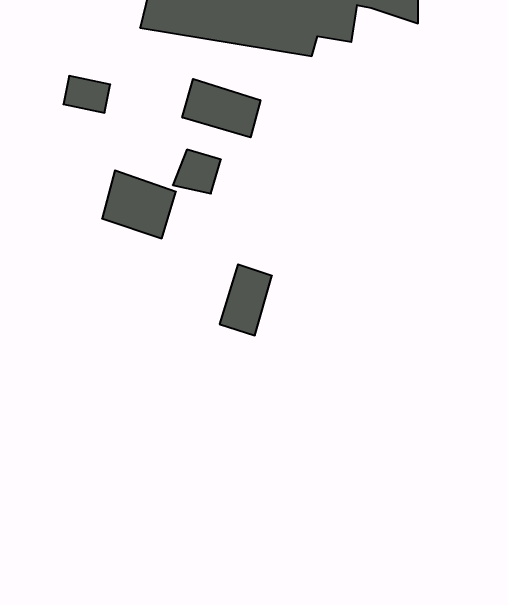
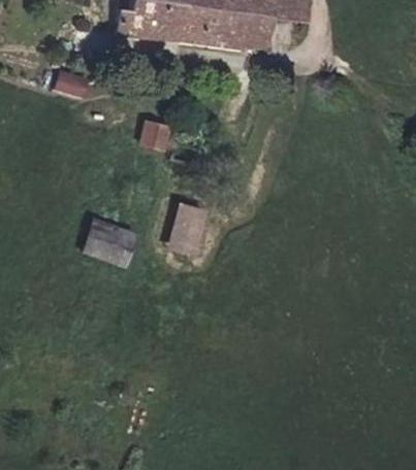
building: [182,79,260,137] -> none
building: [102,170,176,238] -> [86,217,139,267]

